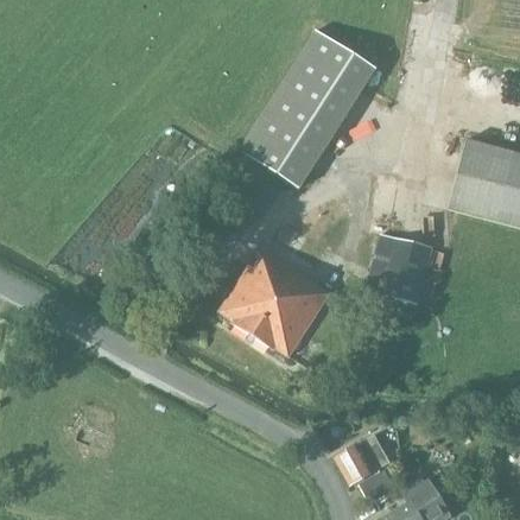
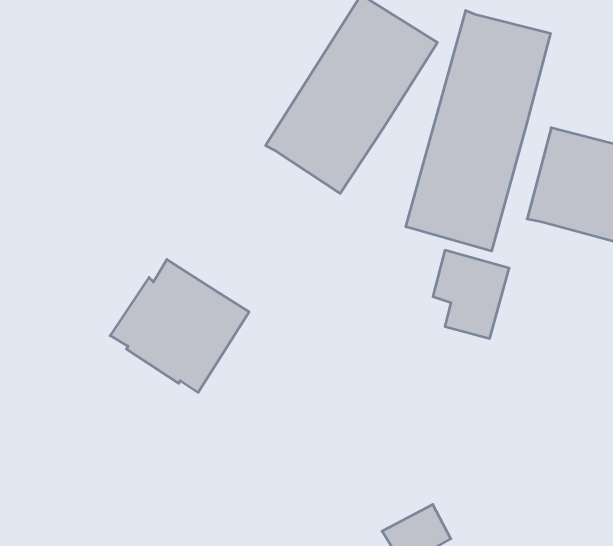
building: none -> [406,10,550,251]
building: [220,251,330,356] -> [110,259,249,392]

